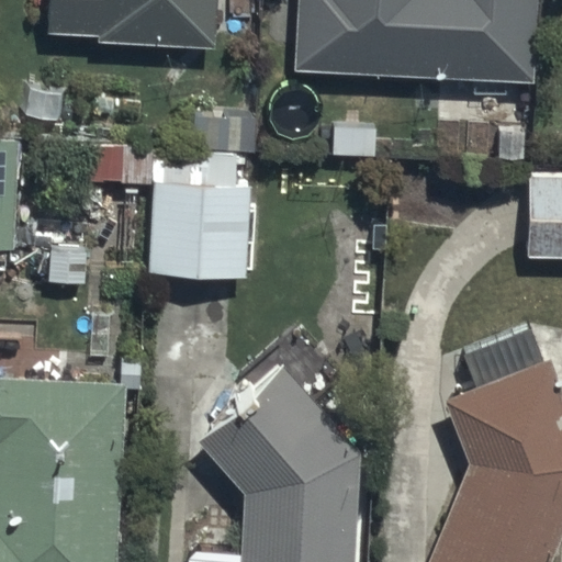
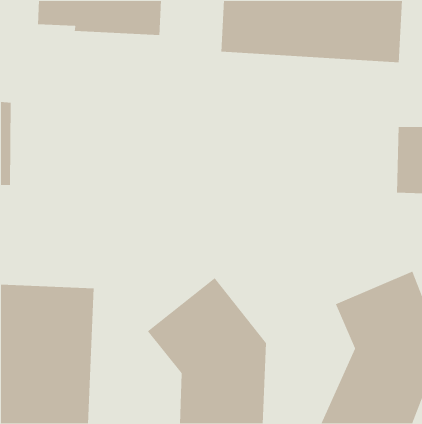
building: [148,144,255,276] -> none

